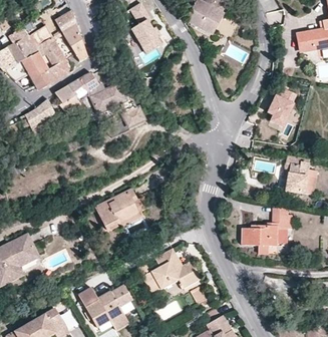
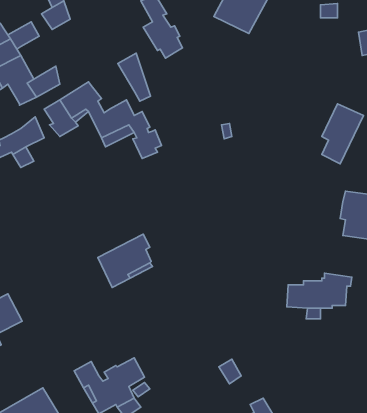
building: [61,23,86,60] -> [118,53,150,101]
building: [37,36,64,66] -> none
building: [136,247,201,294] -> none

